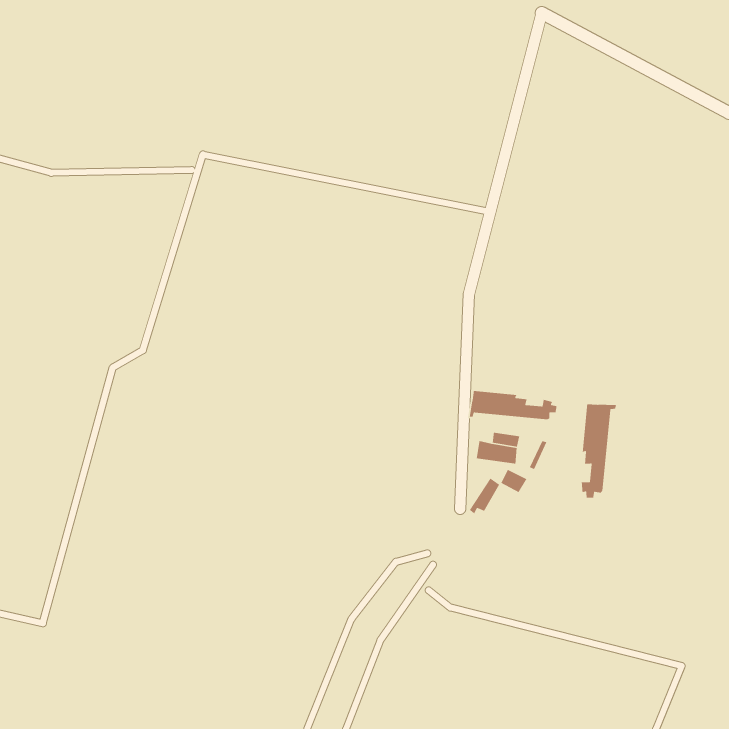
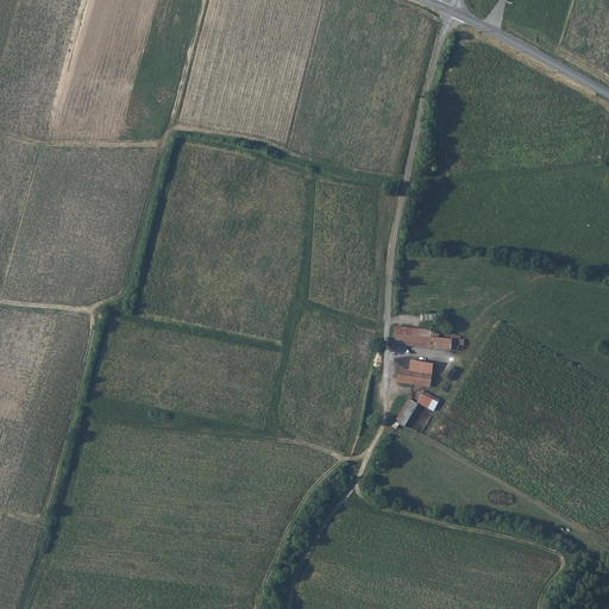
building: [581,404,617,499] -> none

